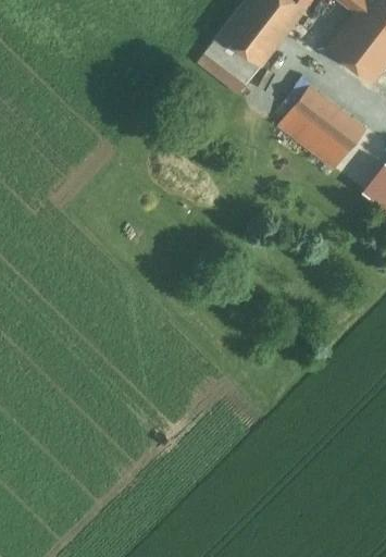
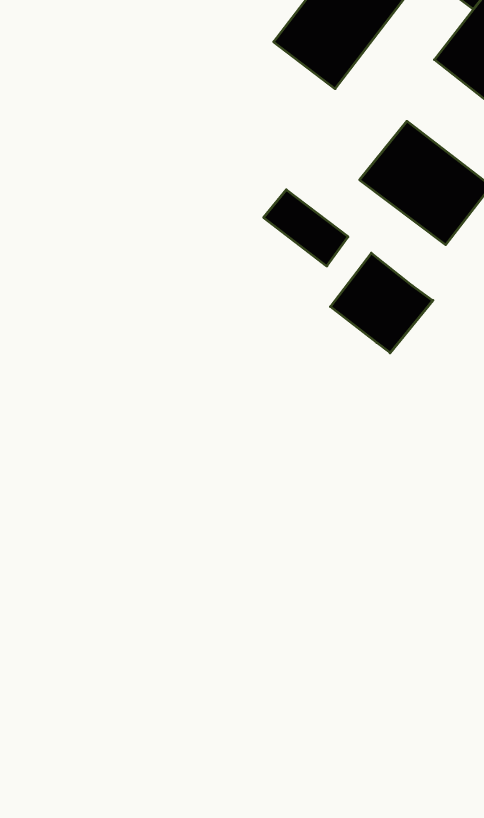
building: [203,33,260,84] -> [264,190,348,266]
building: none -> [330,253,433,353]

